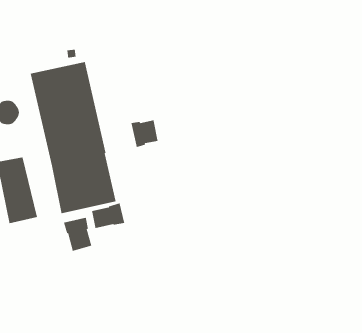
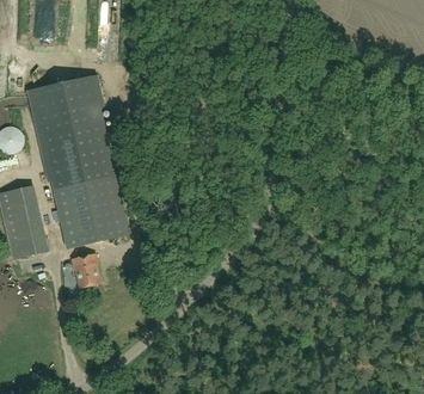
building: [131,120,158,148] -> none
building: [91,203,125,229] -> none

